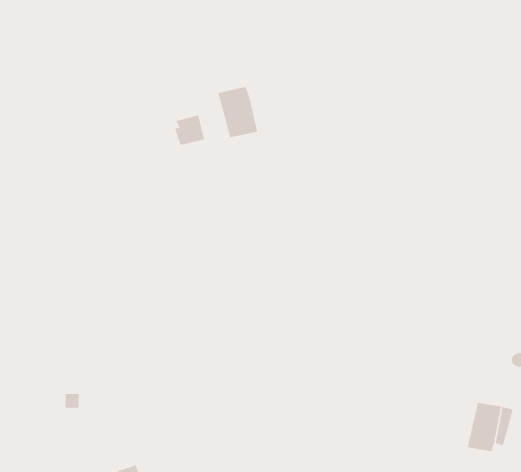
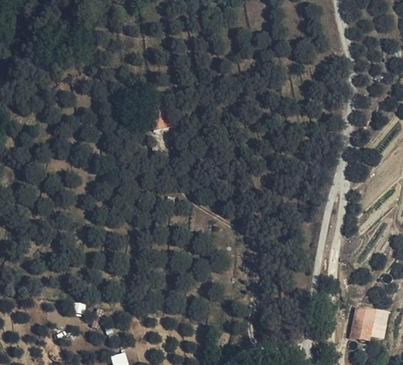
building: [218,86,258,138] -> none

